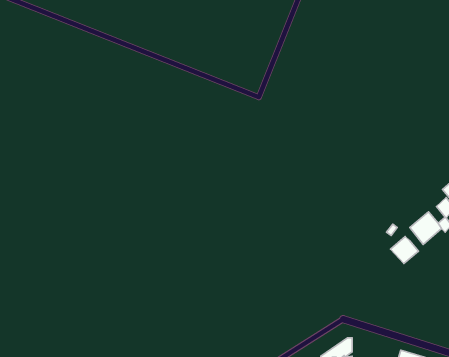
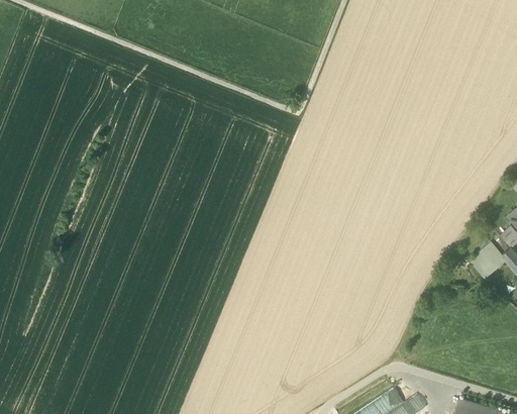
building: [391,237,418,264] -> none

